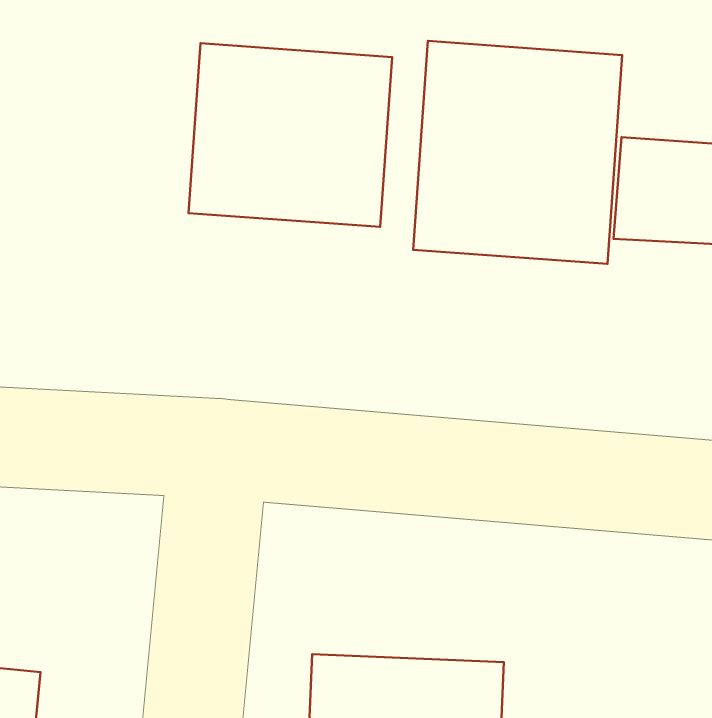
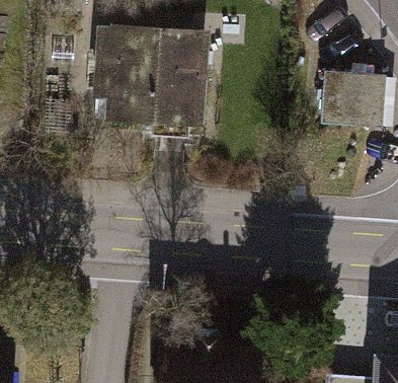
building: [413,41,622,264] -> none

